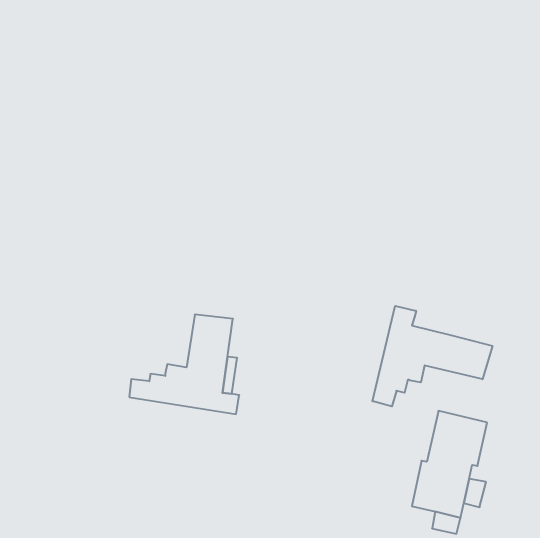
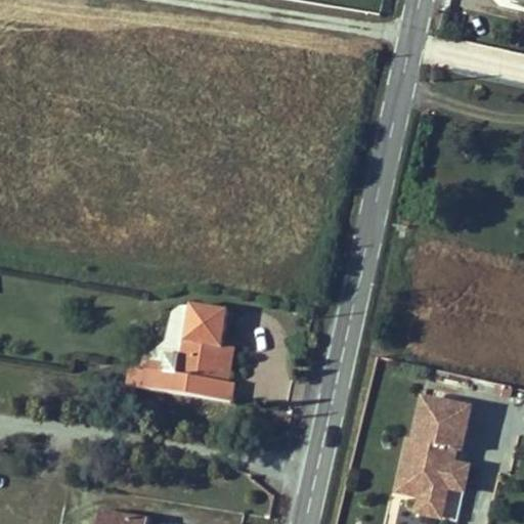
building: [372,306,492,406] -> none

